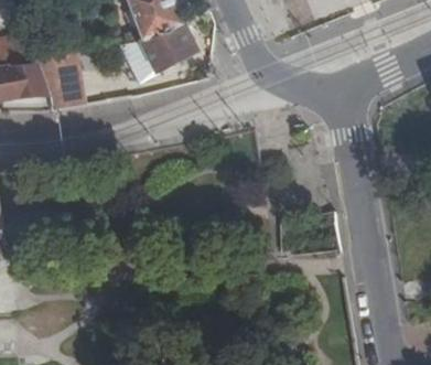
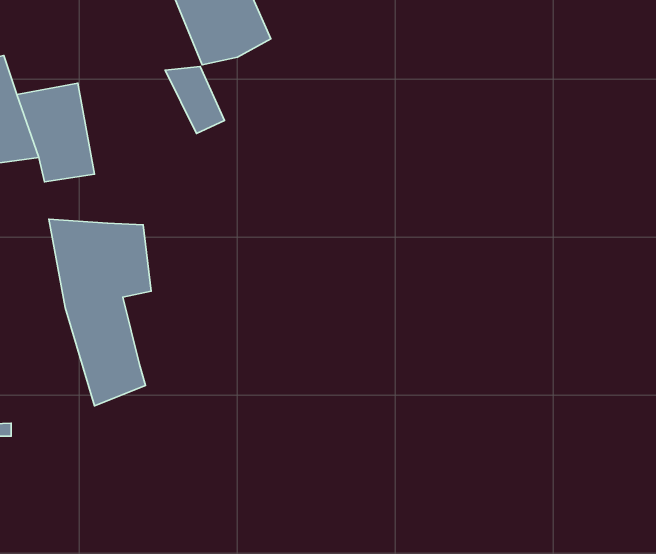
building: [140,22,196,72] -> none
building: none -> [49,219,151,406]

